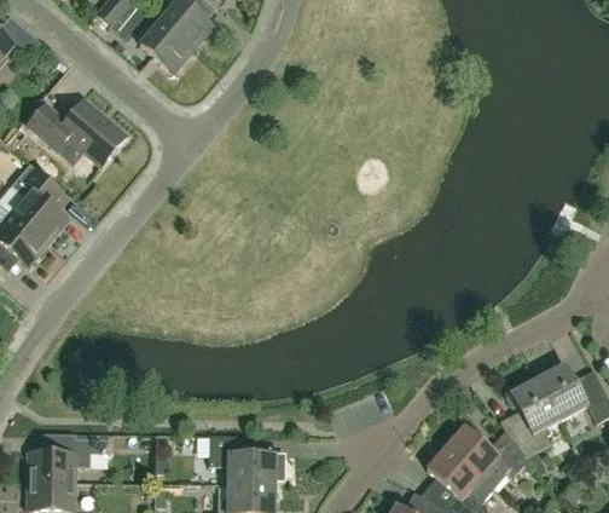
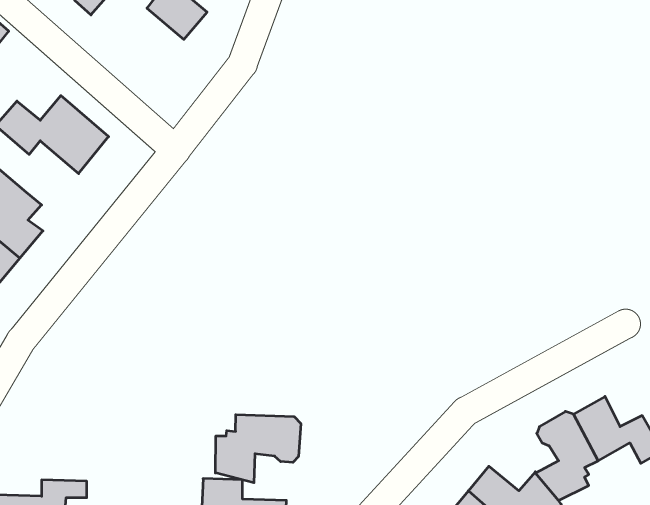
building: [140,21,193,73] -> none
building: none -> [215,415,301,483]

